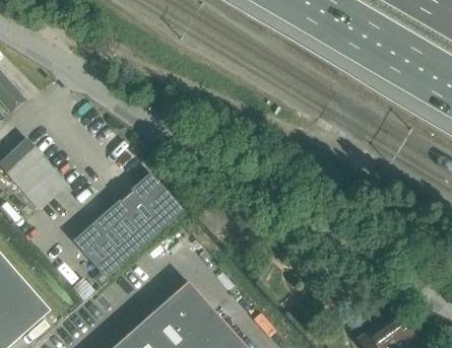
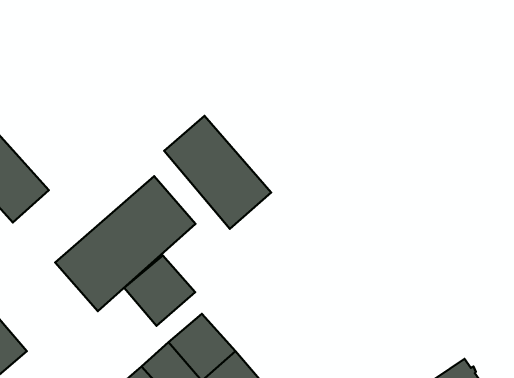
building: none -> [164,116,271,229]
building: none -> [124,255,195,326]

